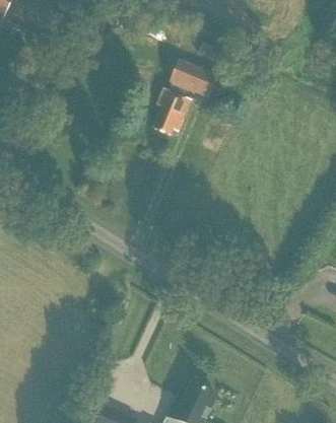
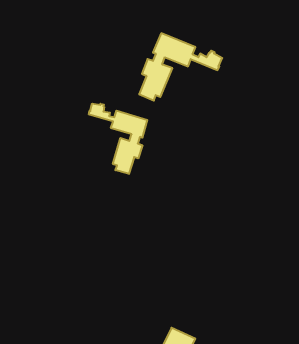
building: none -> [89,104,147,174]

